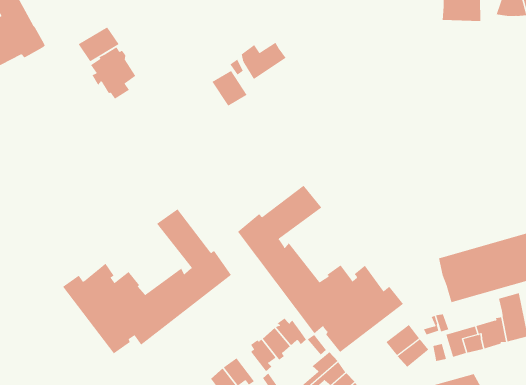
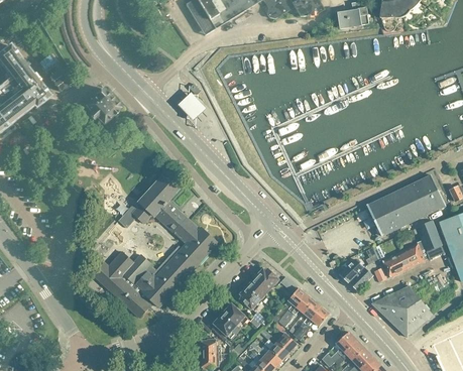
building: [78,26,120,62] -> none
building: [241,42,286,80] -> none
building: none -> [117,170,182,228]
building: [237,185,404,353] -> none

